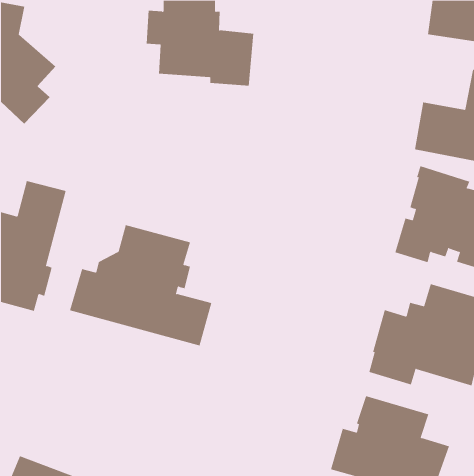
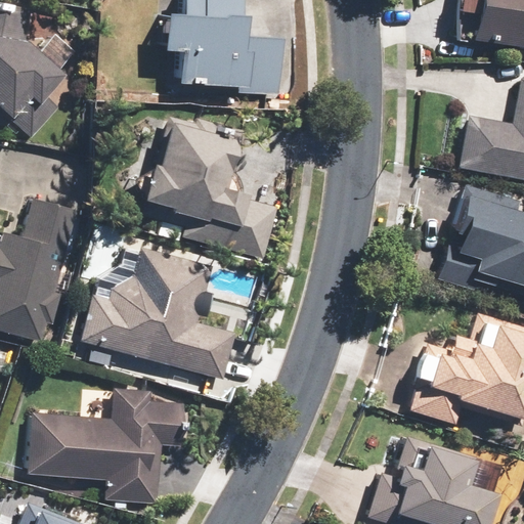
building: none -> [141,117,277,260]
building: none -> [26,389,183,504]

